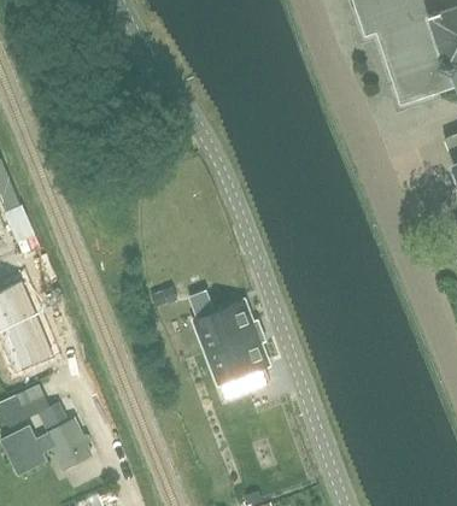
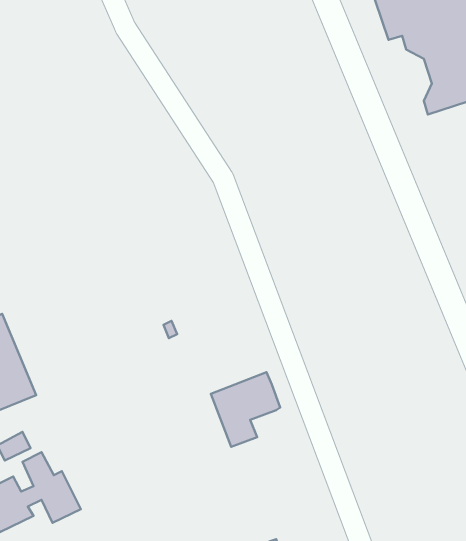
building: [194,302,256,353] -> none

